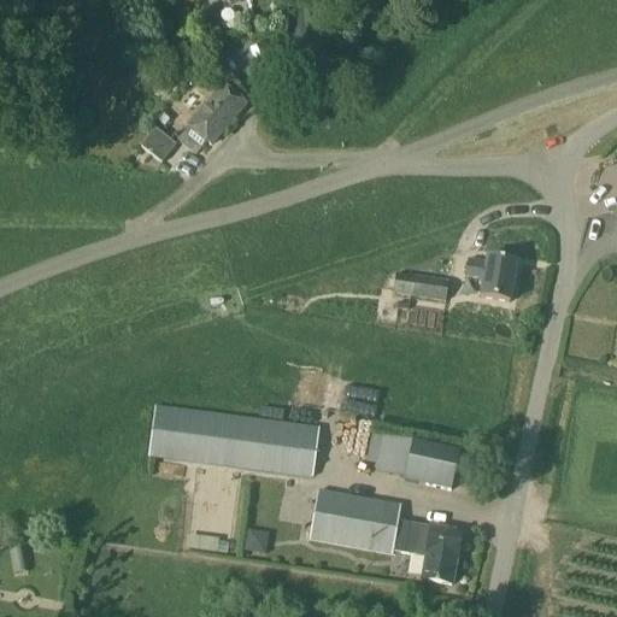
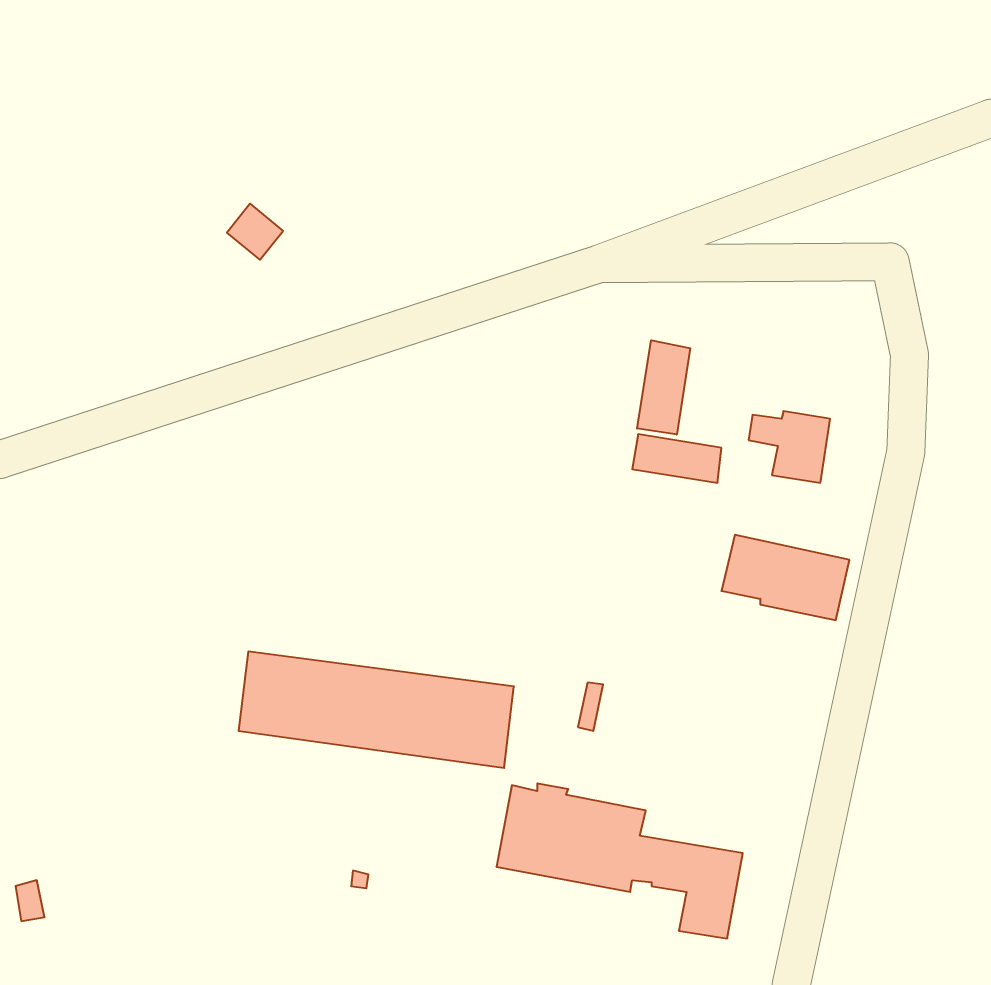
building: [177,83,246,153] -> none
building: none -> [637,340,690,435]
building: [380,435,459,488] -> [721,535,849,620]

